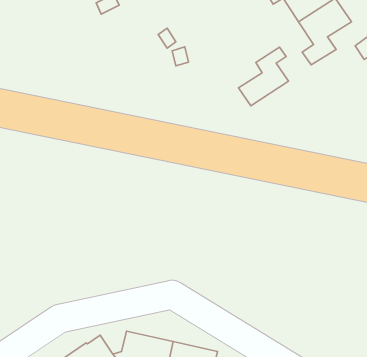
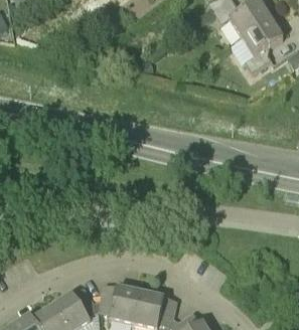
building: [238,47,288,106] -> none

